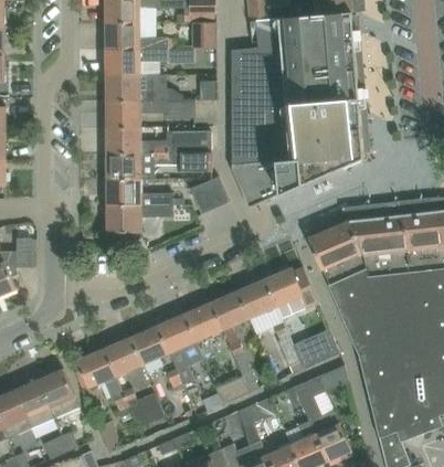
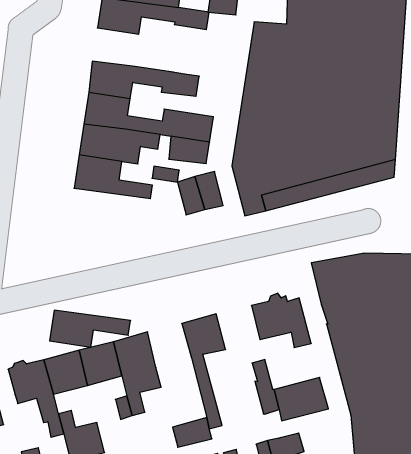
building: [105,74,170,102] -> none
building: [106,205,169,232] -> [50,310,131,347]
building: [236,279,275,318] -> none
building: [183,303,222,341] -> none

